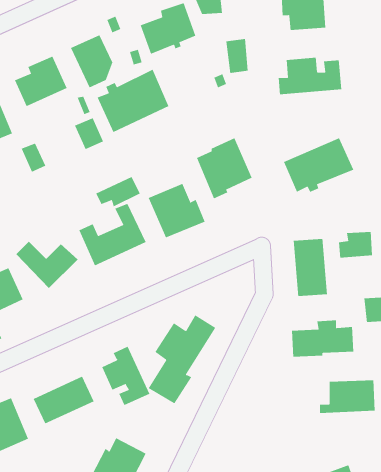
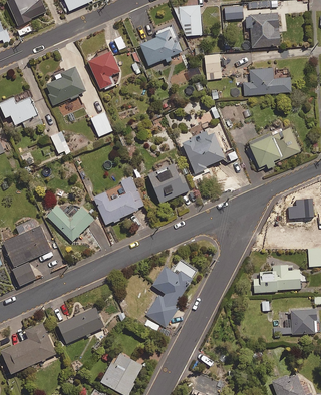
building: [97,69,169,133] -> none
building: [96,176,141,207] -> none
building: [293,238,327,297] -> none
building: [101,346,150,406] -> none

